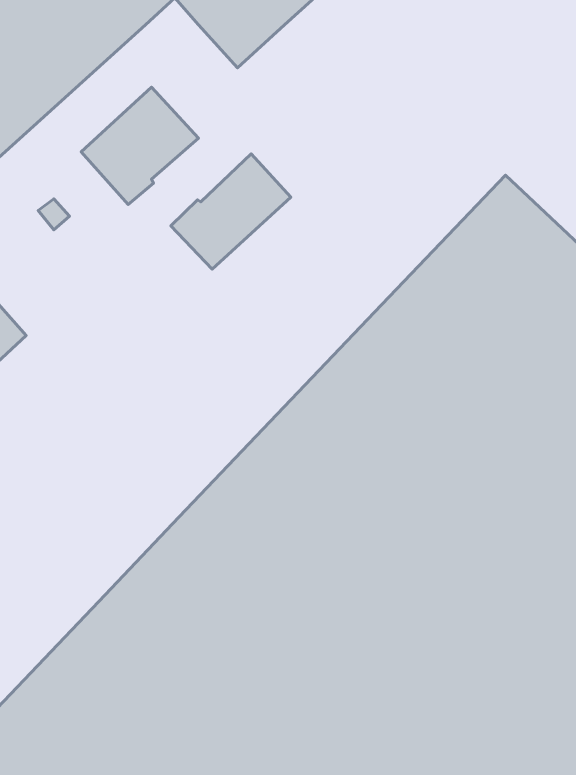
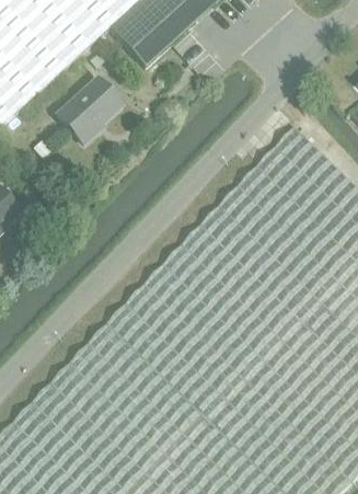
building: [171,154,291,269] -> none

